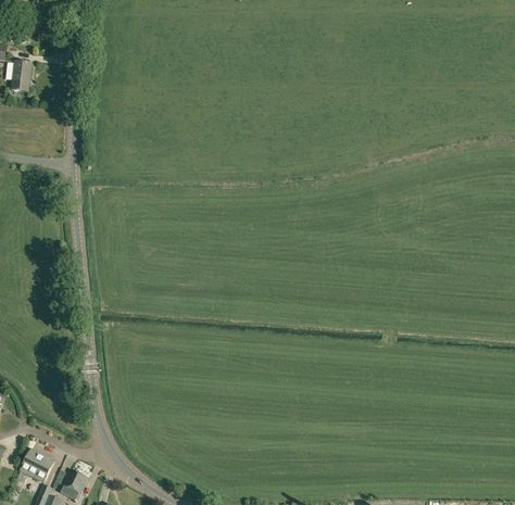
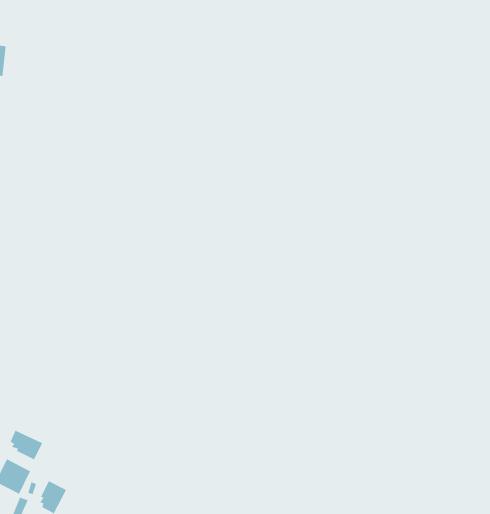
building: none -> [10,430,43,460]

